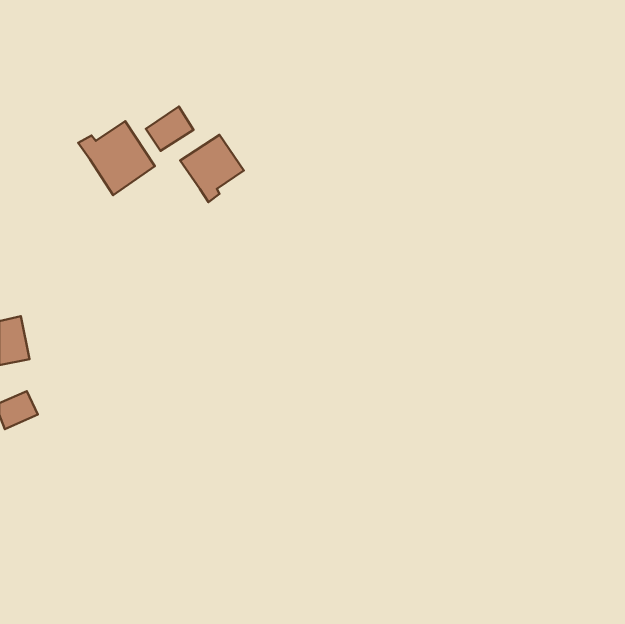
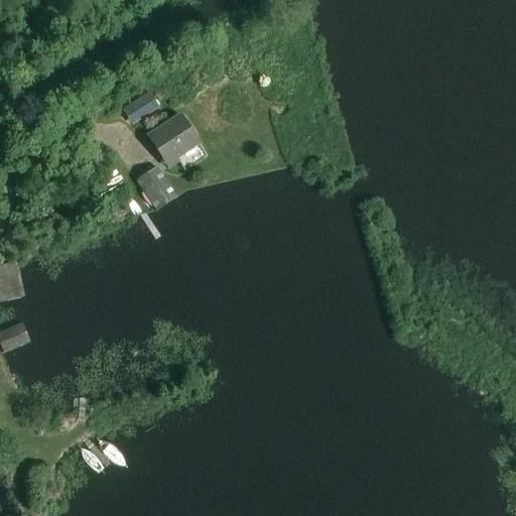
building: [78,121,155,195] -> none
building: none -> [136,165,176,210]

